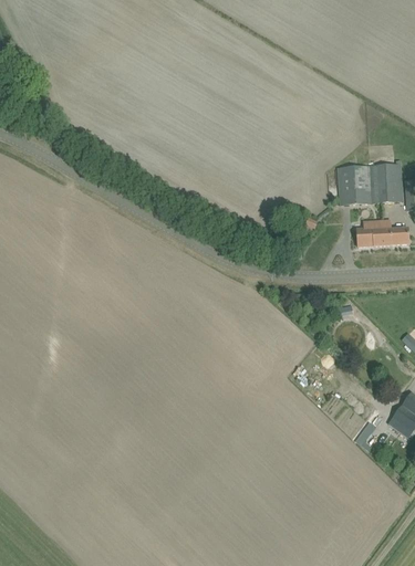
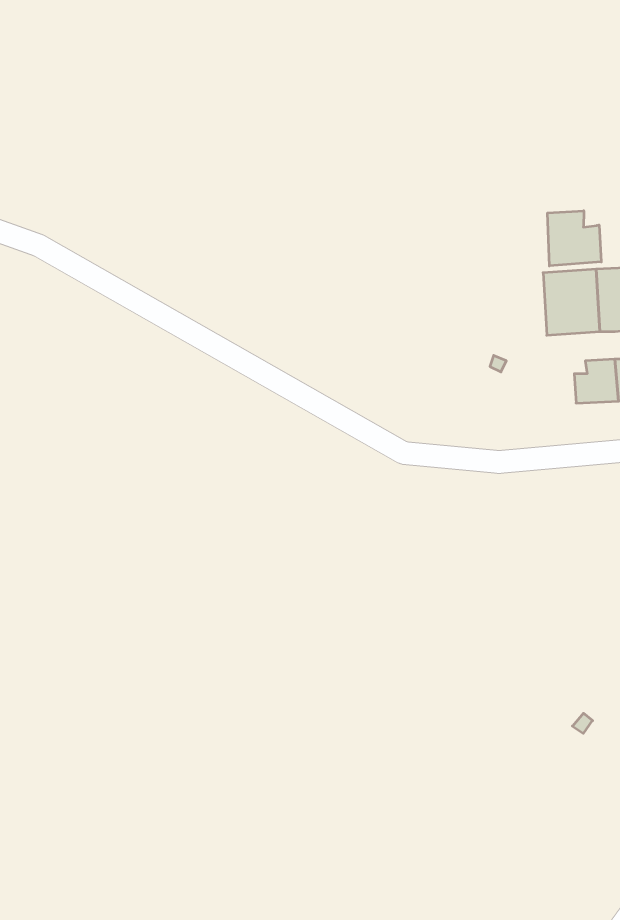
building: none -> [548,211,601,266]

